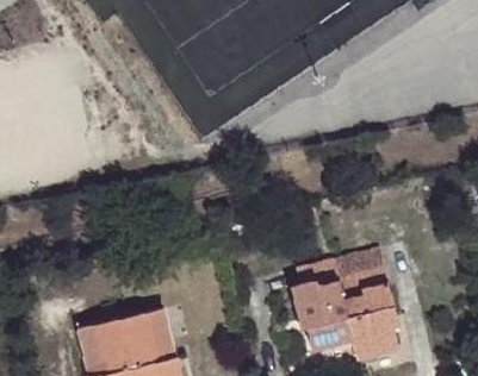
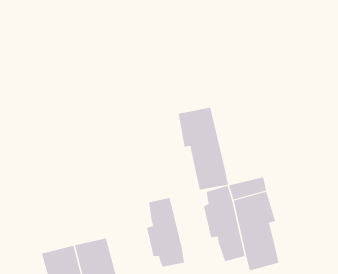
building: none -> [178,107,229,191]
building: none -> [146,197,185,267]

